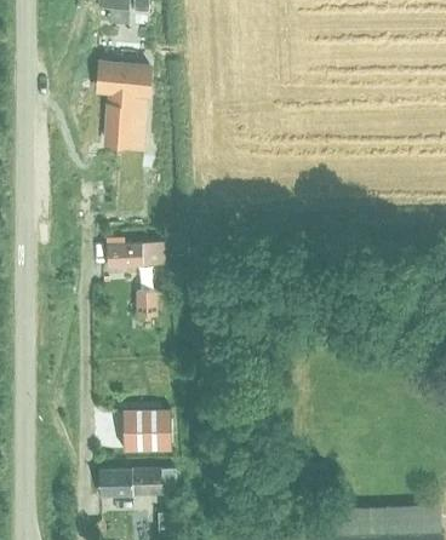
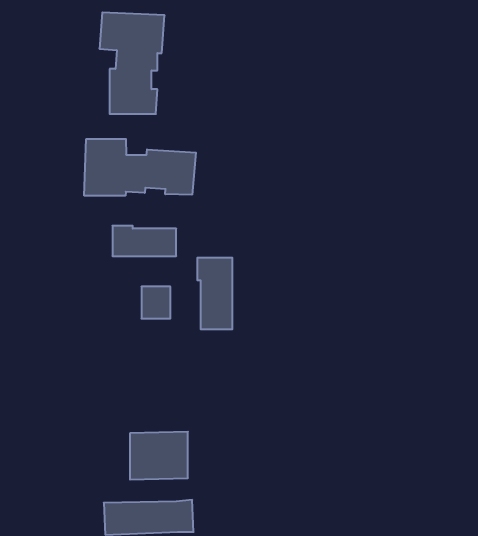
building: none -> [84,139,196,196]
building: none -> [197,258,232,329]

